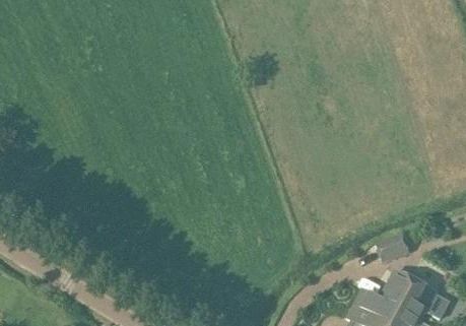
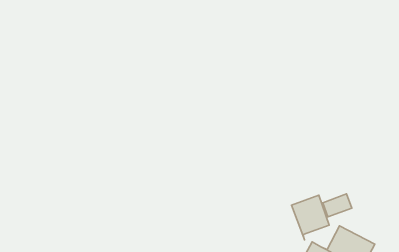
building: none -> [292,195,329,240]

